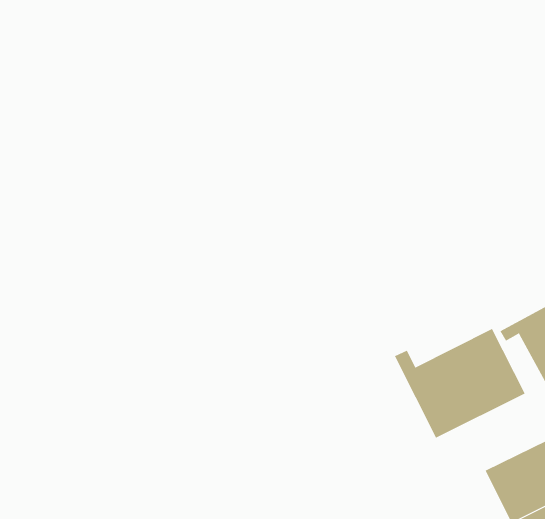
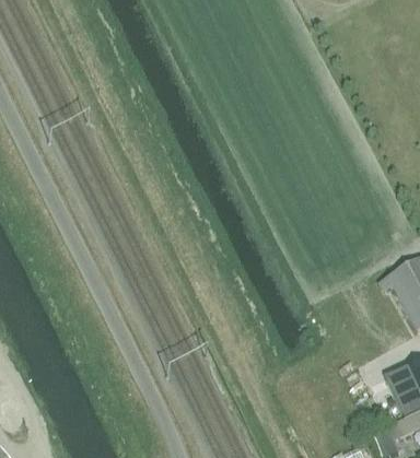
building: [394,328,525,439] -> none

